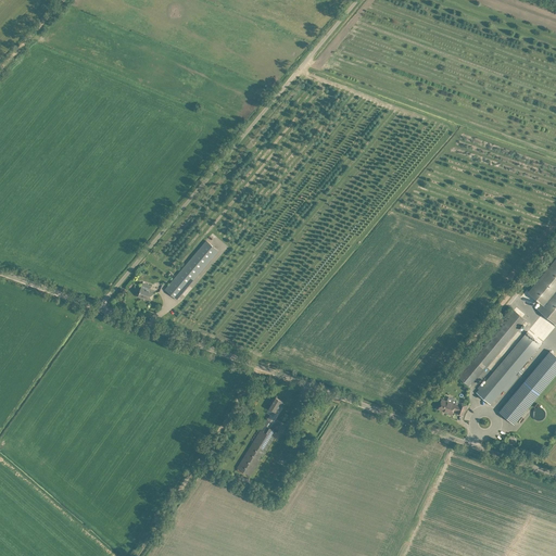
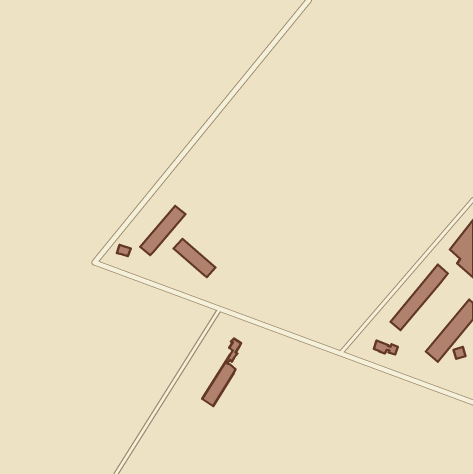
building: none -> [174,239,215,277]
building: [476,331,541,404] -> none

